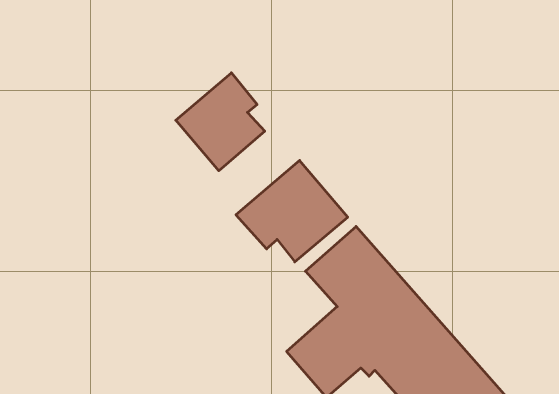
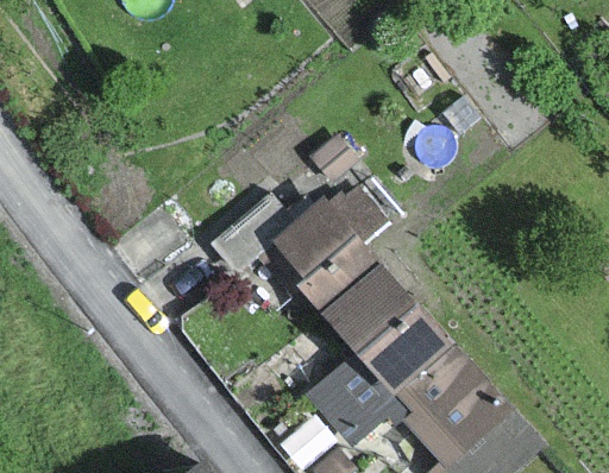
building: [176,73,265,171] -> none

